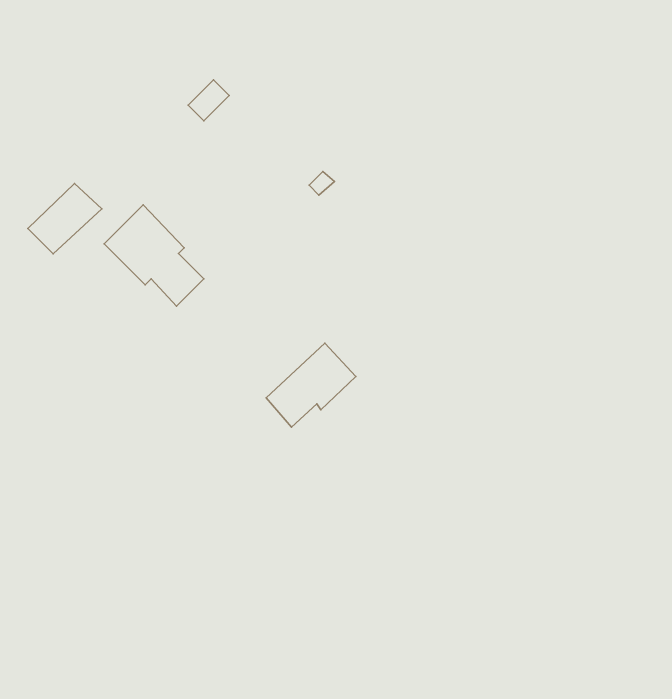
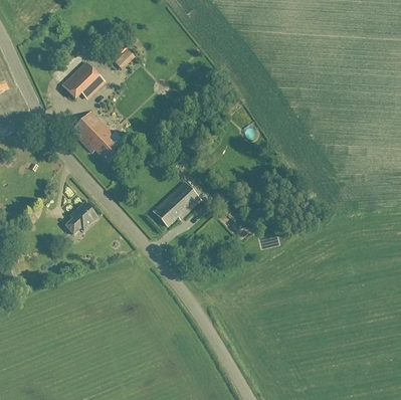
building: [28,184,102,254] -> [61,61,99,97]
building: none -> [65,202,97,233]

